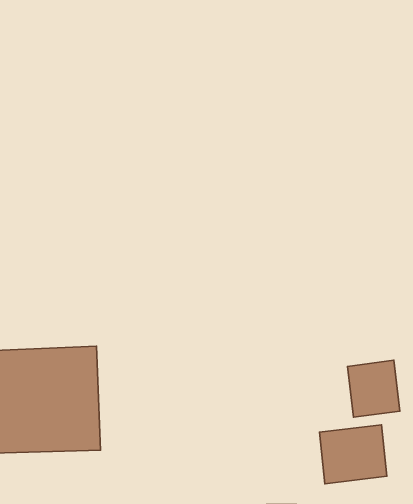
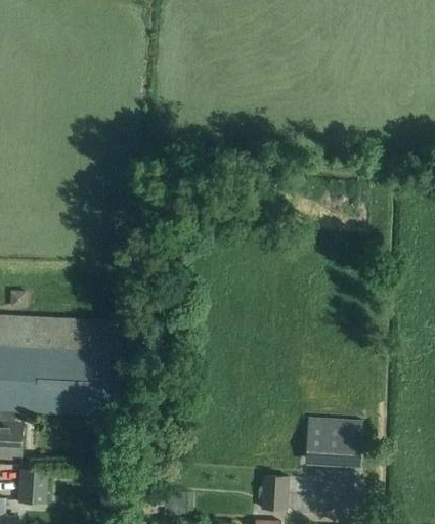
building: [347,360,400,417] -> none

